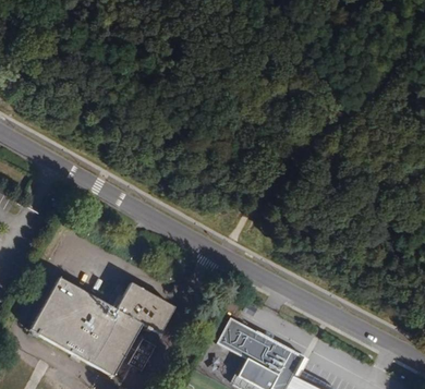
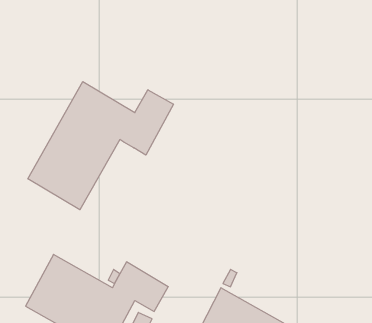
building: none -> [28,82,173,210]

